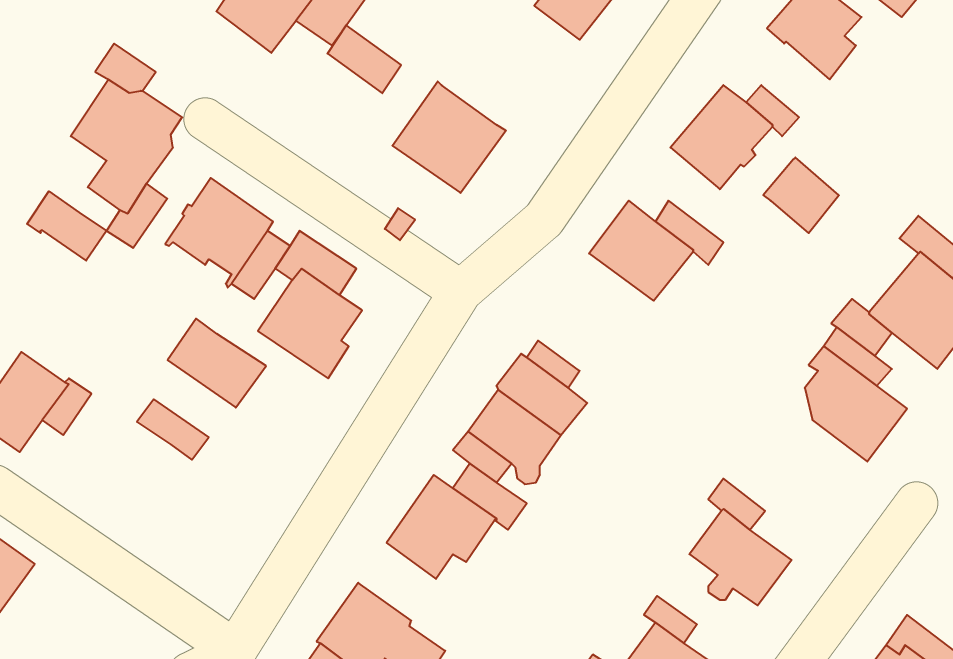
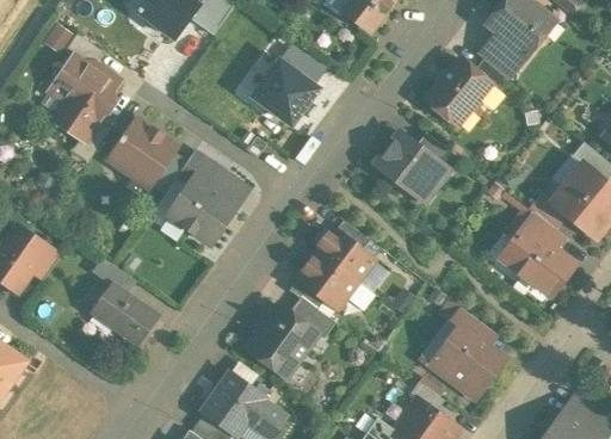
building: [327,25,401,93] -> [282,42,328,85]
building: [763,157,839,233] -> [479,32,526,80]
building: [27,191,107,261] -> none
building: [168,319,266,408] -> [93,286,155,342]

